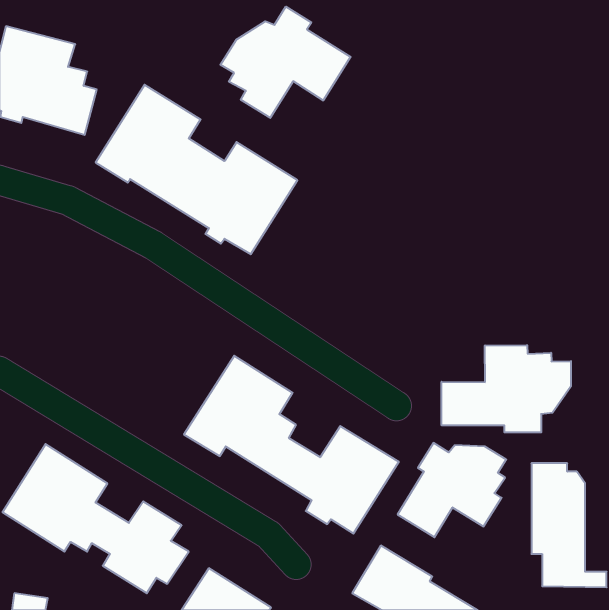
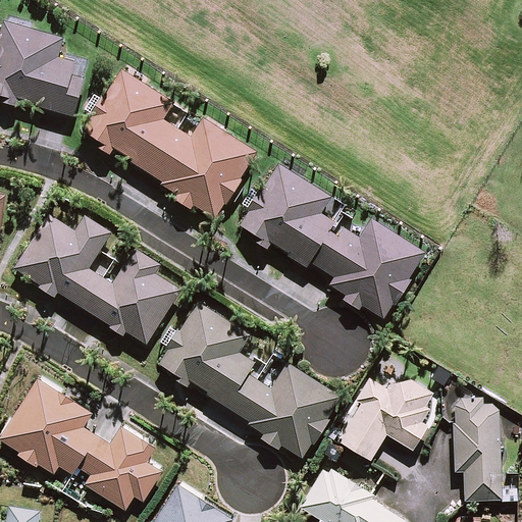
building: [220,7,351,118] -> none
building: none -> [238,165,423,316]
building: none -> [15,217,179,344]
building: [442,345,571,432] -> none

